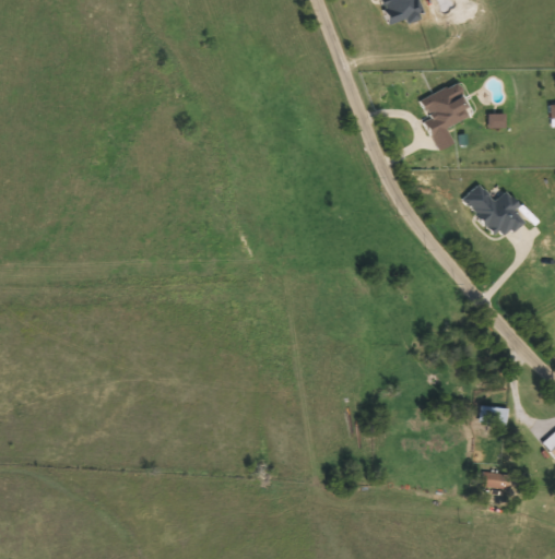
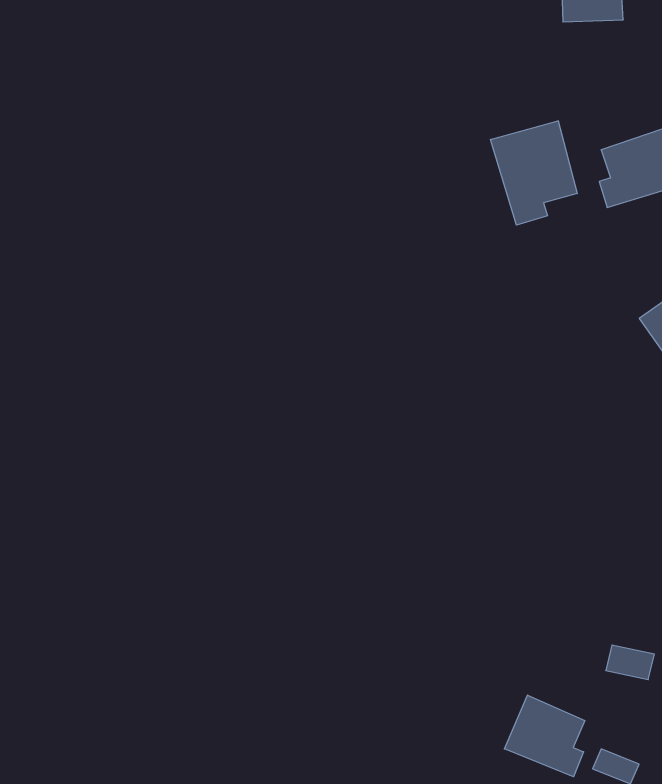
building: none -> [491,121,577,225]
building: none -> [504,695,585,777]

